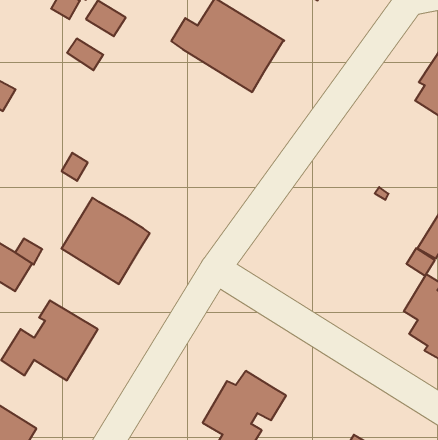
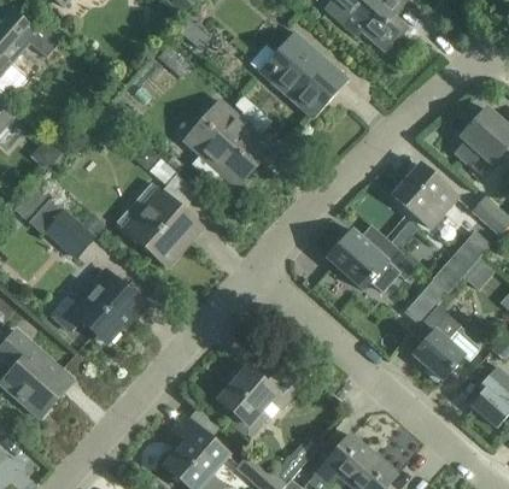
building: none -> [183,100,271,187]
building: none -> [392,164,457,228]
building: none -> [327,226,410,291]

